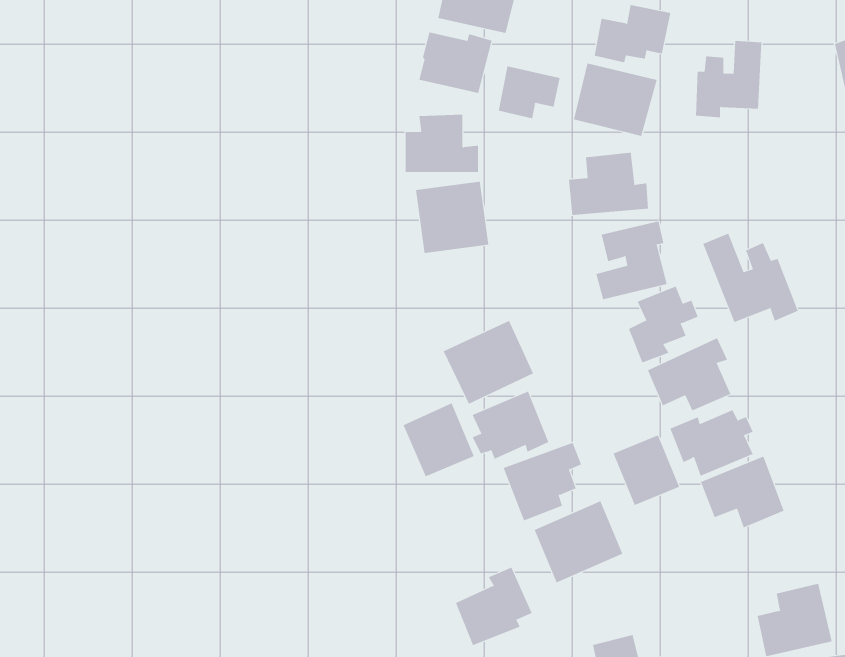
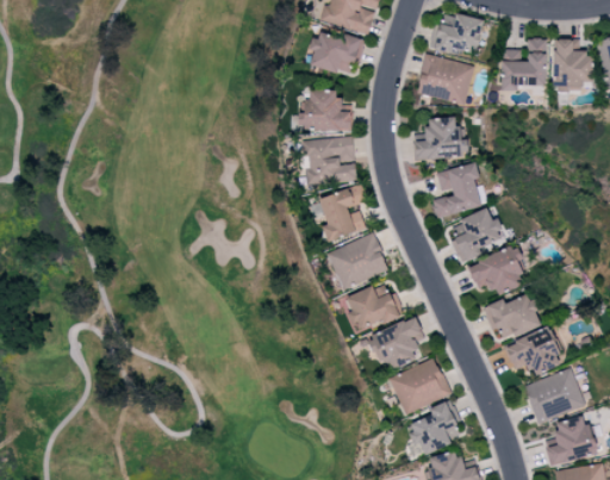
building: none -> [553,38,593,91]
building: [498,66,560,119] -> none
building: [703,233,799,323] -> none
building: none -> [318,183,368,241]
building: [403,403,475,477] -> none
building: [613,435,680,506] -> none
building: none -> [523,368,585,424]
building: [455,567,532,646] -> [406,401,460,456]

